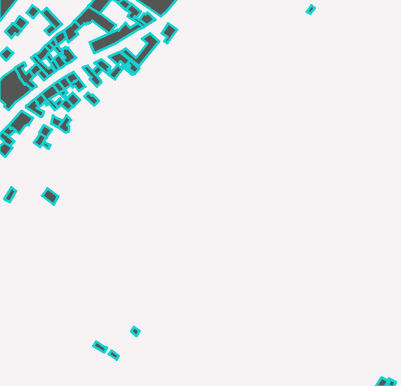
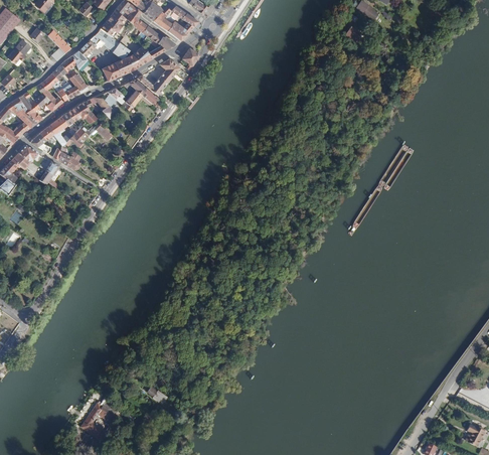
building: none -> [82,403,115,439]

